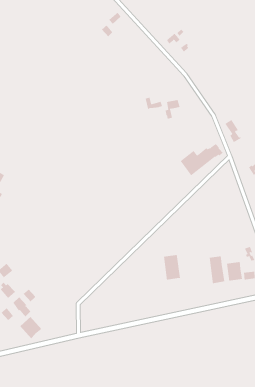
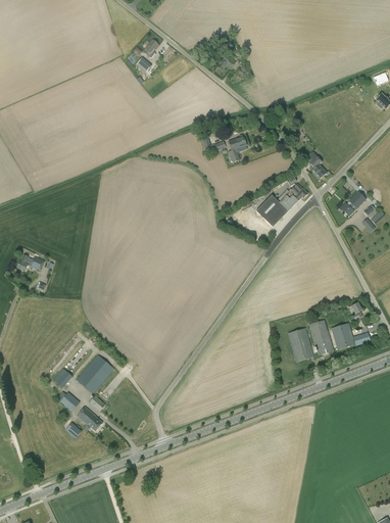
building: [163,254,181,280] -> [288,328,313,362]
building: none -> [77,354,114,393]
building: [19,316,42,339] -> none

